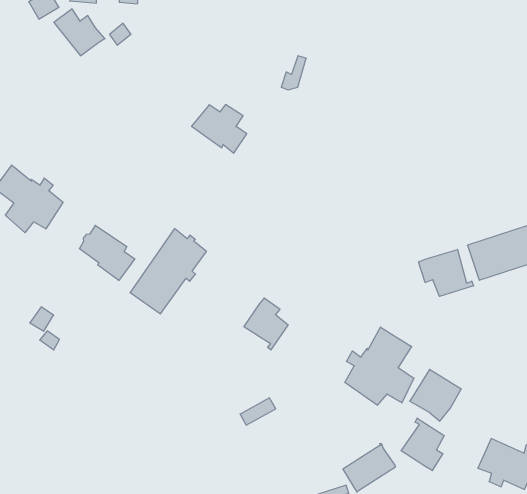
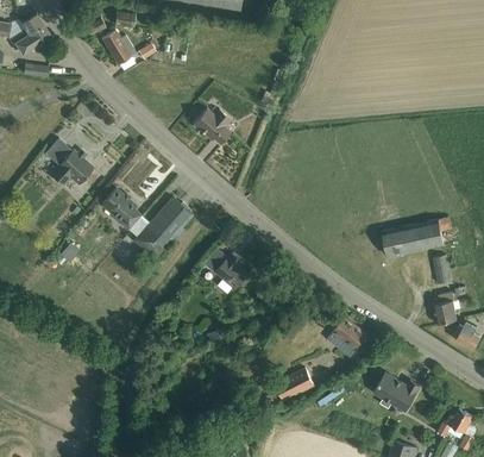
building: [418,249,474,296] -> none
building: [345,327,414,405] -> none
building: [401,418,444,471] -> none

